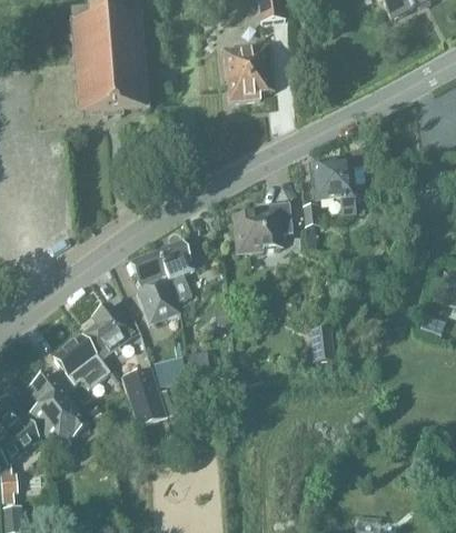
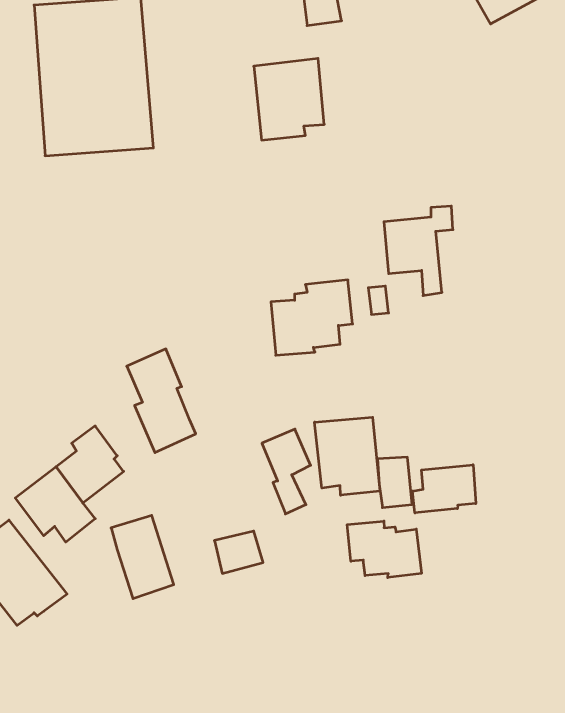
building: [159,239,194,299] -> [262,429,311,514]
building: none -> [315,417,380,495]
building: none -> [413,465,476,513]
building: [152,356,187,386] -> [214,531,263,573]
building: none -> [347,521,421,578]

